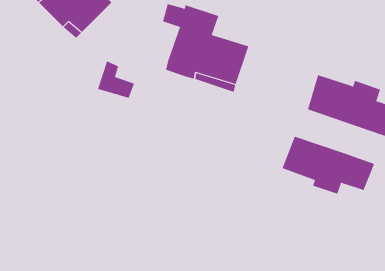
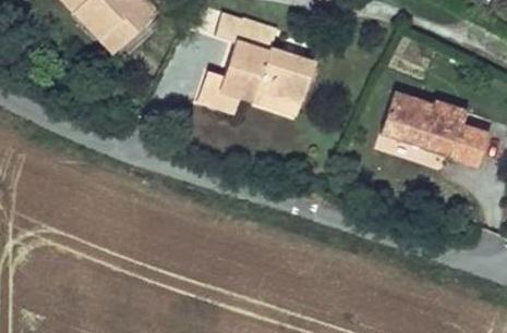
building: [97,61,135,98] -> [197,71,241,114]
building: [282,136,375,194] -> none

